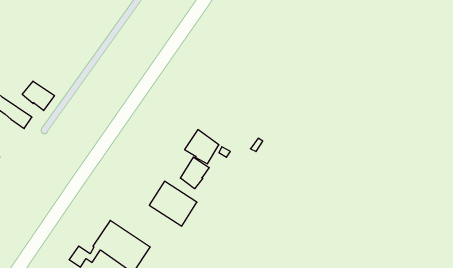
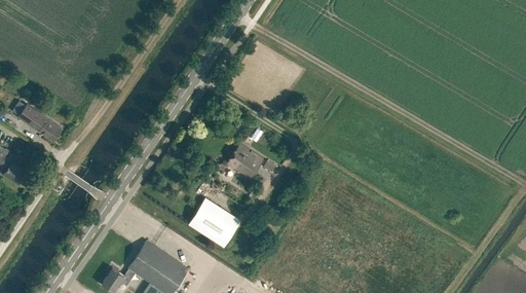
building: [22,81,54,111] -> none
building: [180,157,209,189] -> none

